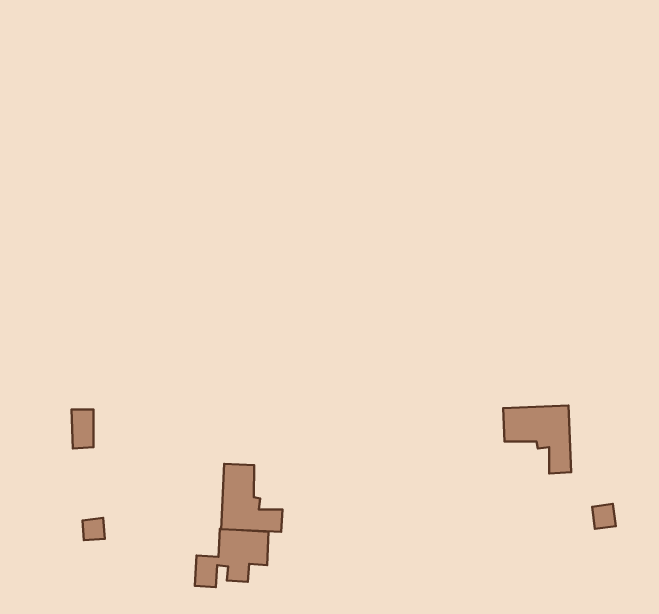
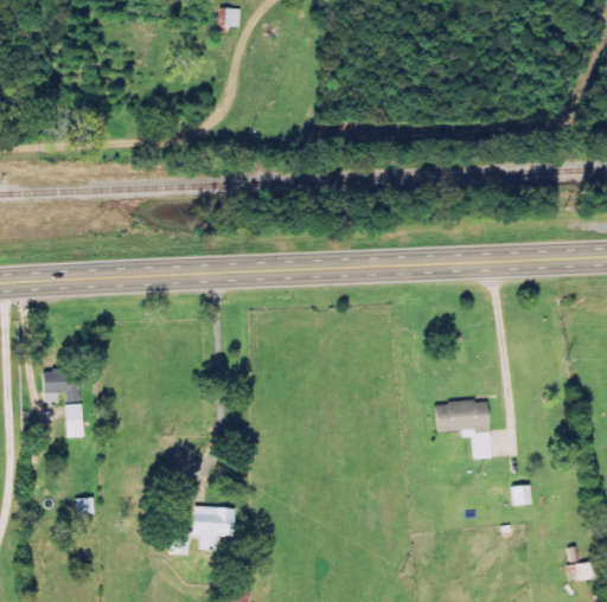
building: none -> [40,371,84,403]
building: [221,464,283,532] -> none

